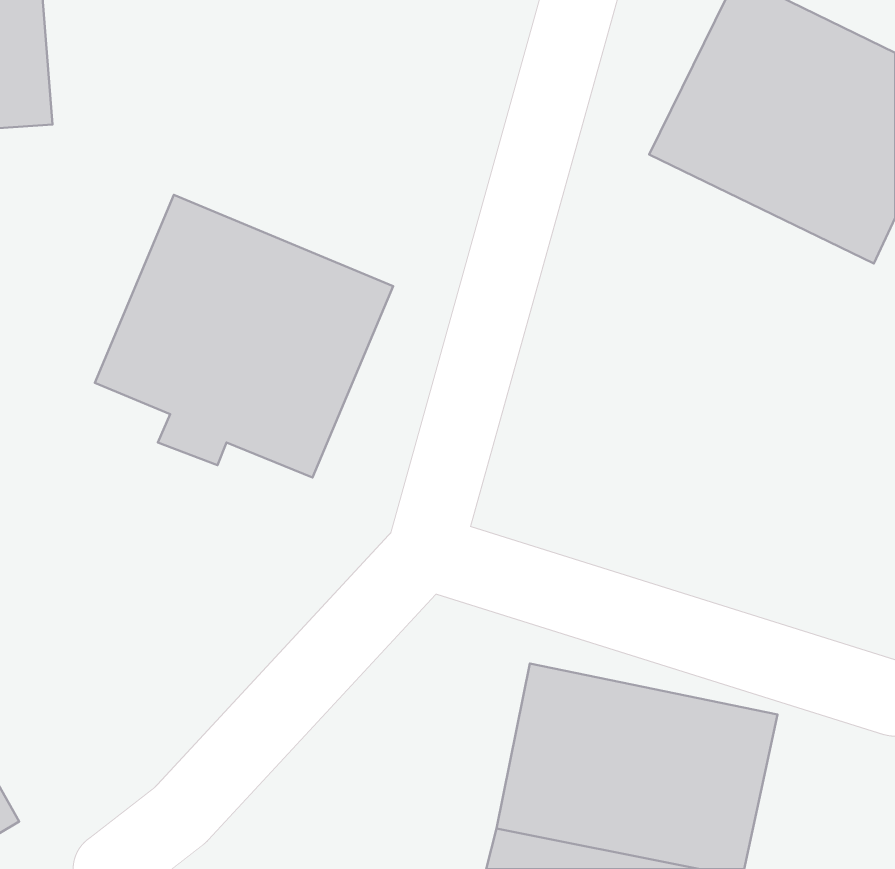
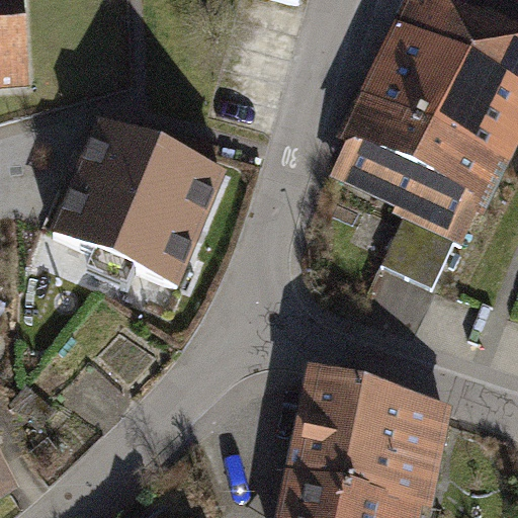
building: none -> [332,89,504,292]

